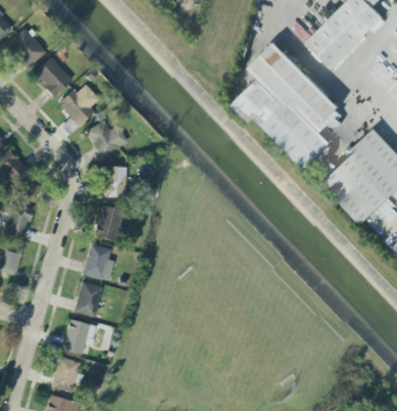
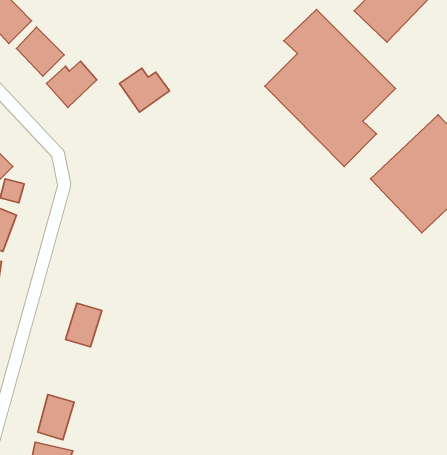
building: [86,123,127,158] -> [119,68,170,112]
building: [103,167,126,199] -> none
building: [93,206,122,242] -> none
building: [82,244,114,282] -> none
building: [62,321,95,354] -> none

